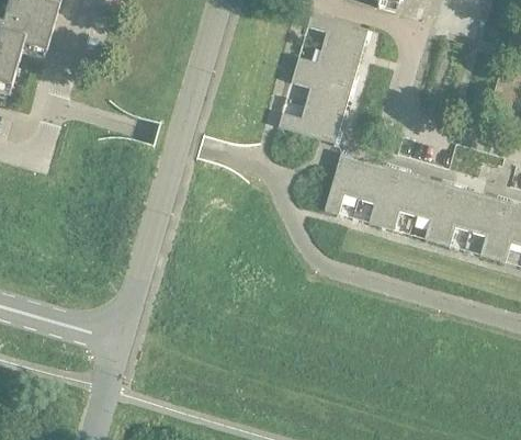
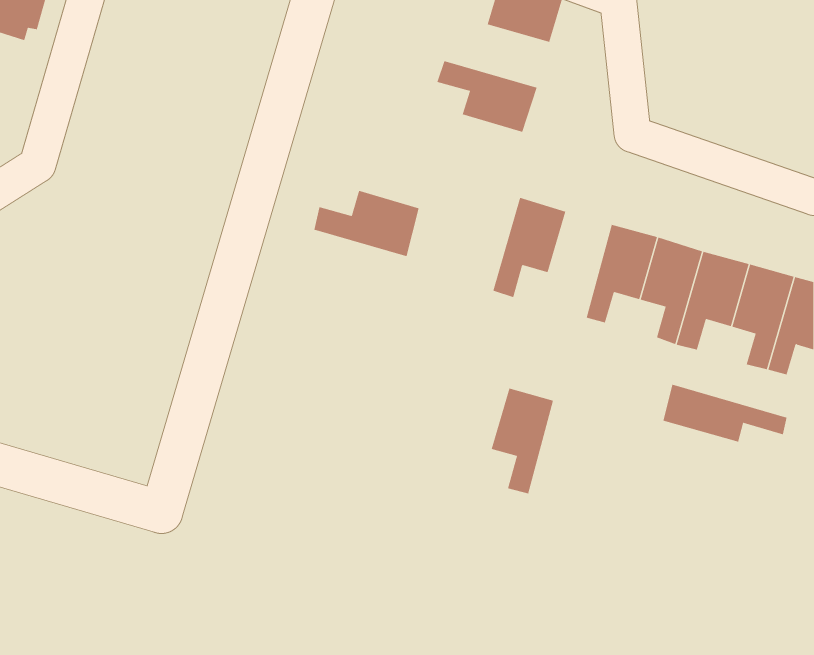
building: [293,46,358,84] -> none
building: [276,101,341,142] -> [314,190,420,257]
building: [356,160,395,225] -> [491,388,554,494]
building: none -> [663,384,787,443]

